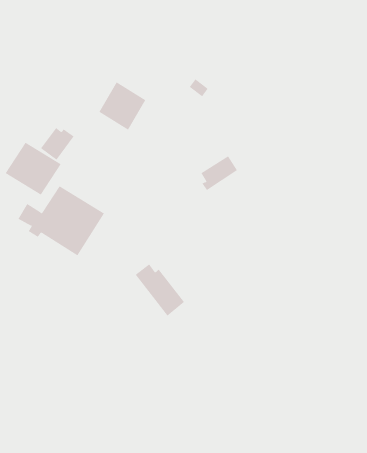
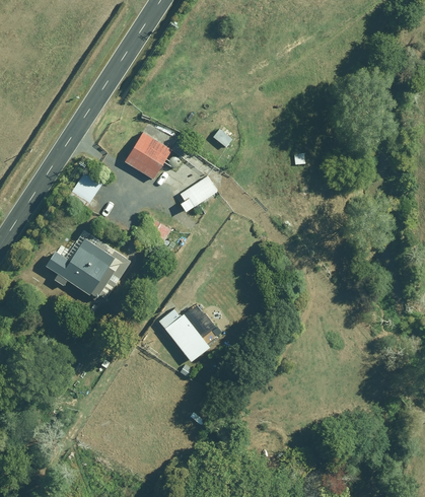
building: [5,142,62,196] -> none
building: [200,156,238,191] -> [180,176,216,211]

